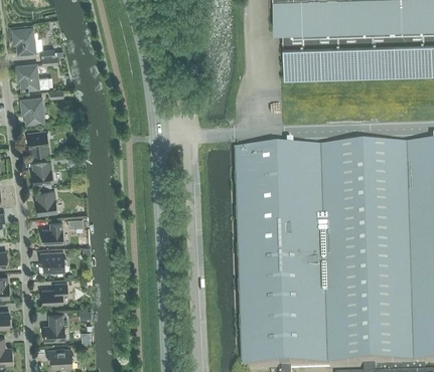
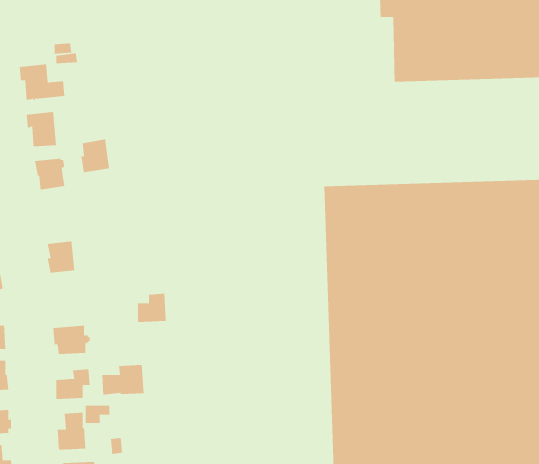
building: [12,27,34,53] -> none
building: [31,160,52,184] -> [80,139,110,173]
building: [41,221,62,242] -> [137,293,167,323]
building: none -> [102,364,144,395]

